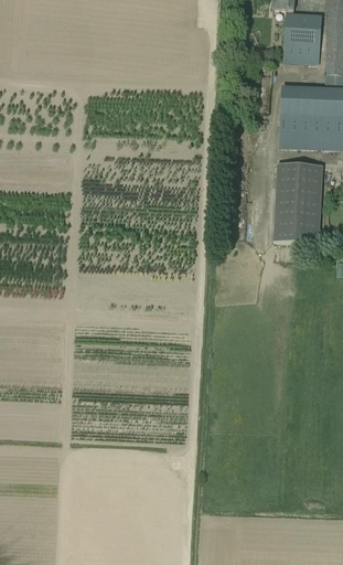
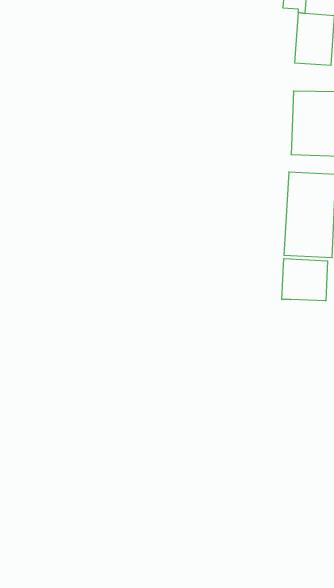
building: none -> [282,259,328,301]

